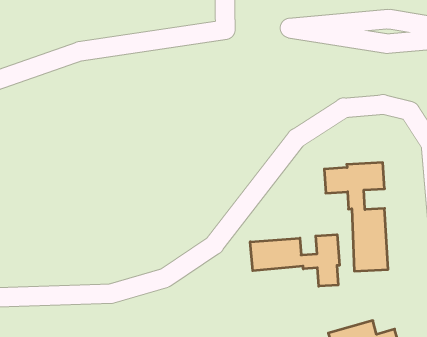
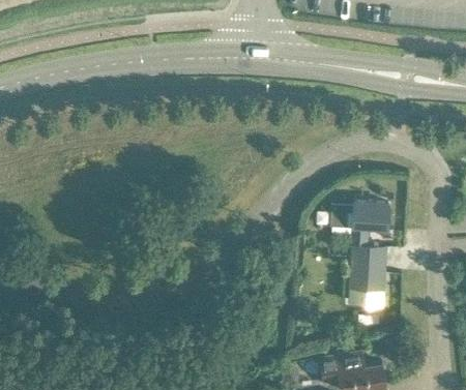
building: [250,235,339,286] -> none

